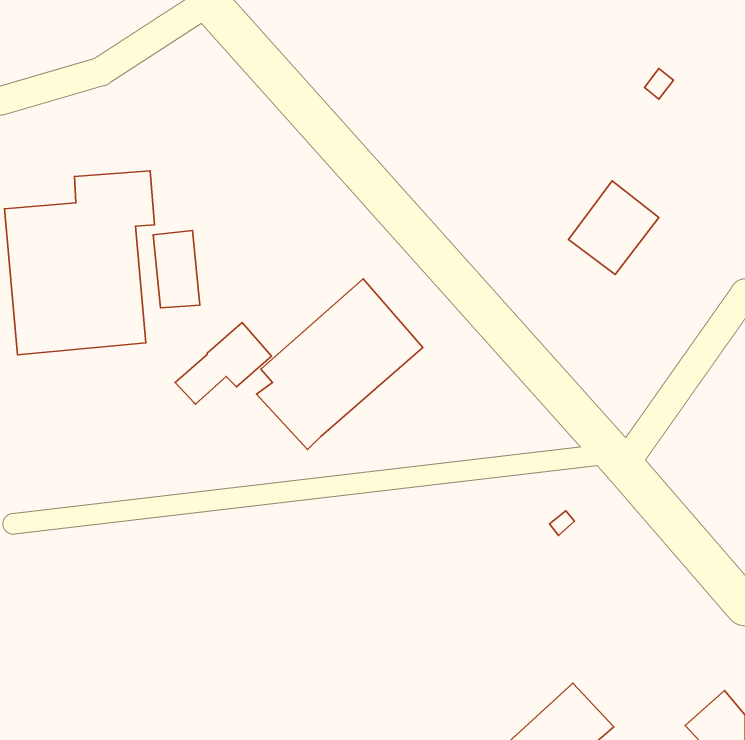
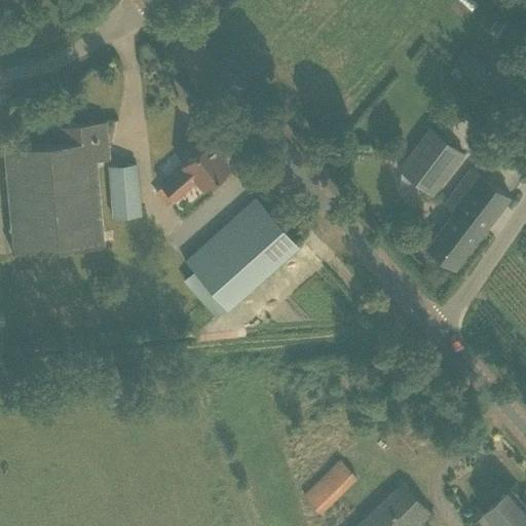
building: none -> [428,171,512,271]
building: [175,323,271,404] -> [160,146,228,203]
building: none -> [304,462,360,517]

